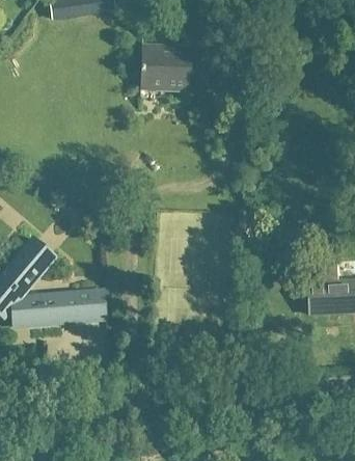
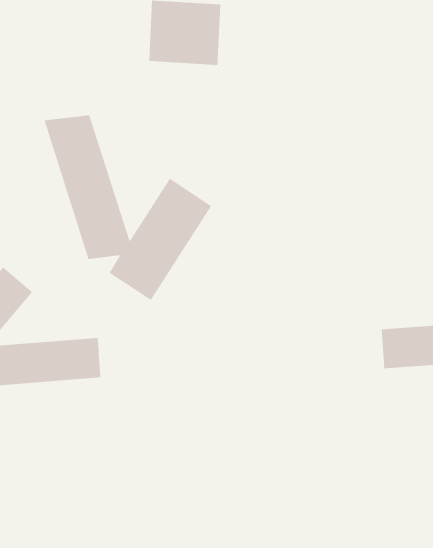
building: none -> [44,115,212,301]

